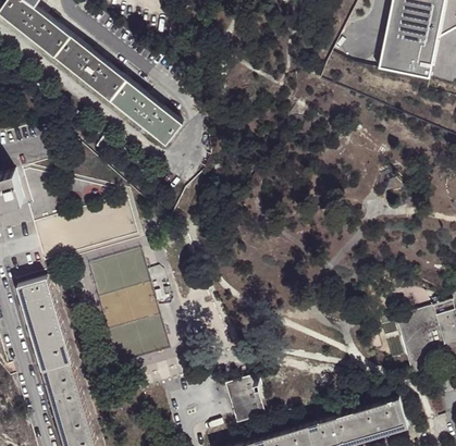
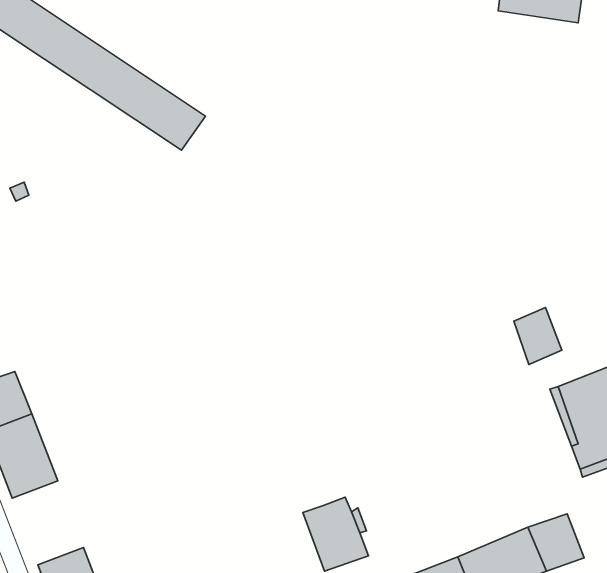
building: none -> [514,308,562,365]
building: [38,351,82,405] -> none

